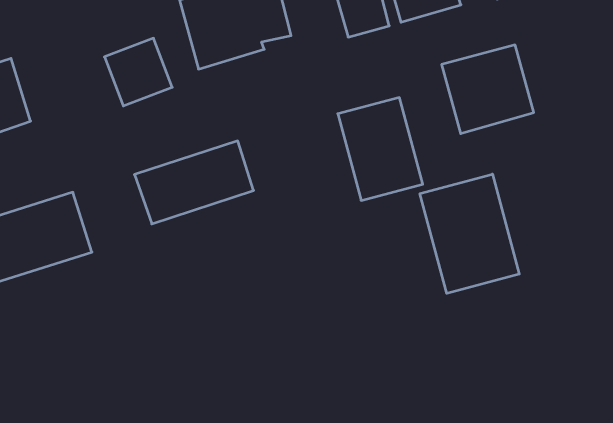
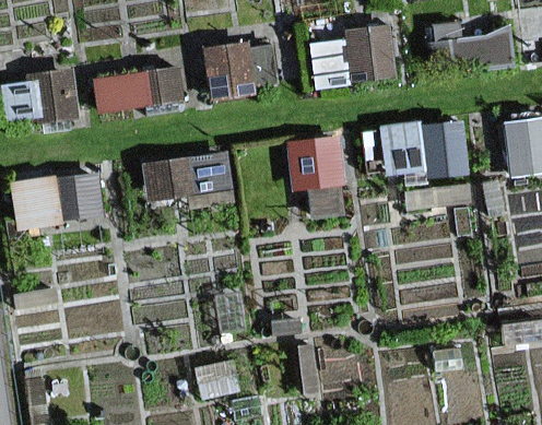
building: [420,174,519,293] -> none

